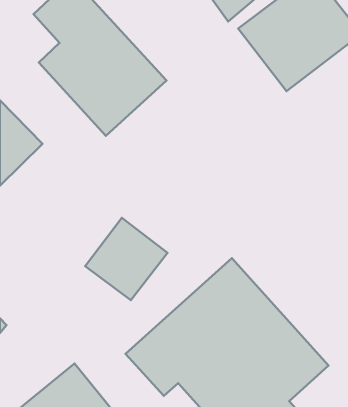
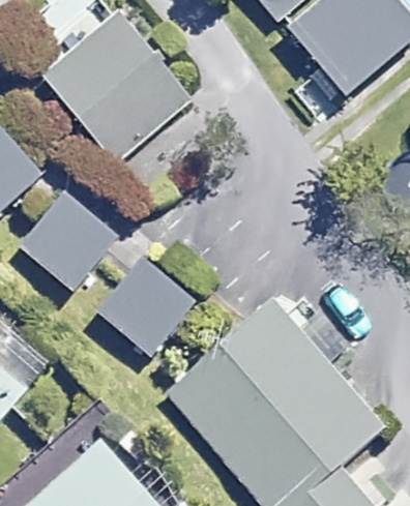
building: none -> [8,179,123,293]

